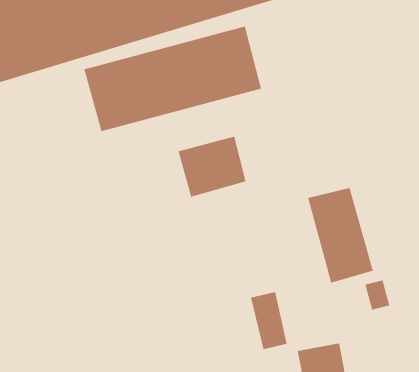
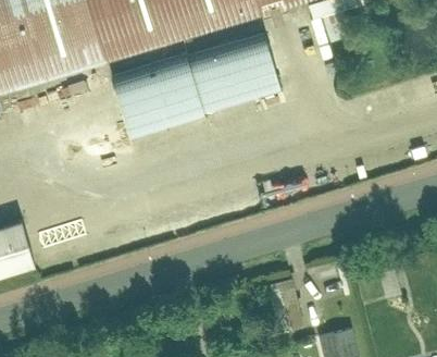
building: [178,136,246,198] -> none
building: [307,187,374,283] -> none

